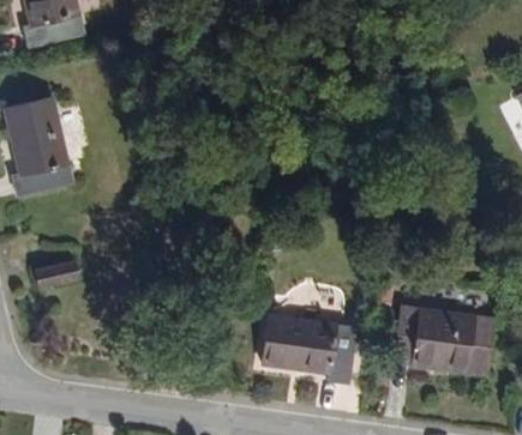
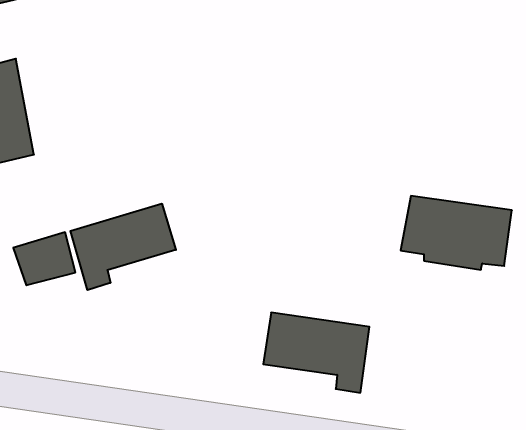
building: none -> [70,204,176,290]
building: [394,307,497,375] -> [401,196,512,270]

